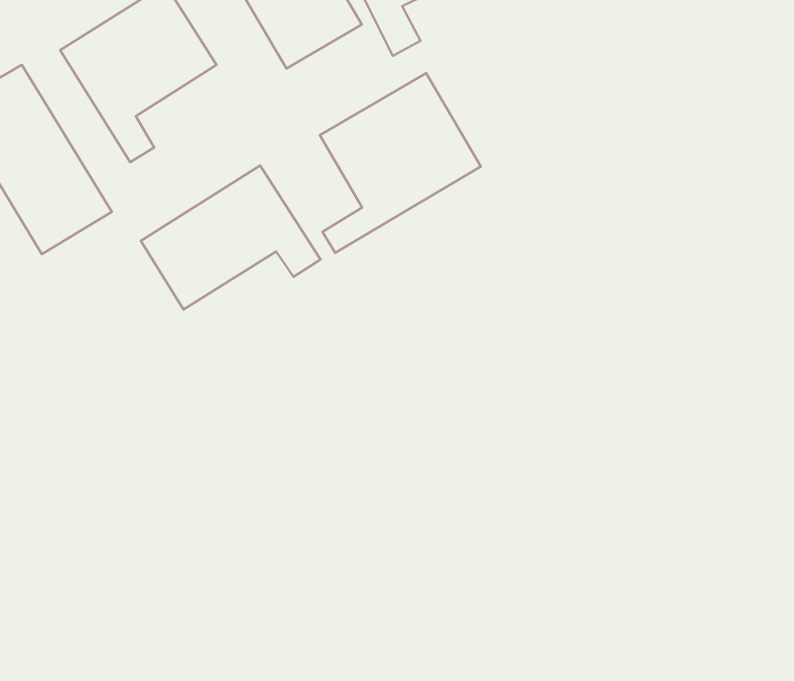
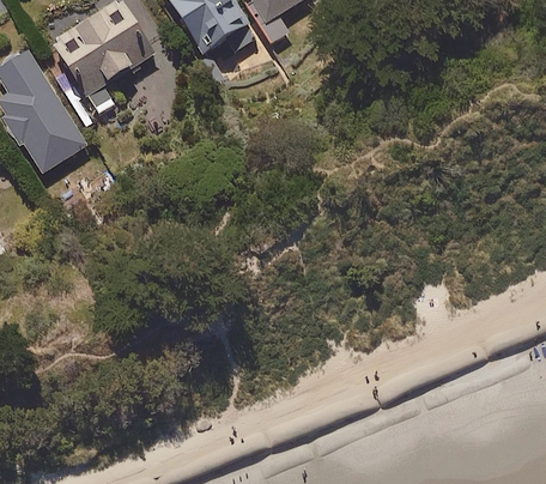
building: [320,73,481,253] -> none
building: [141,166,320,310] -> none

